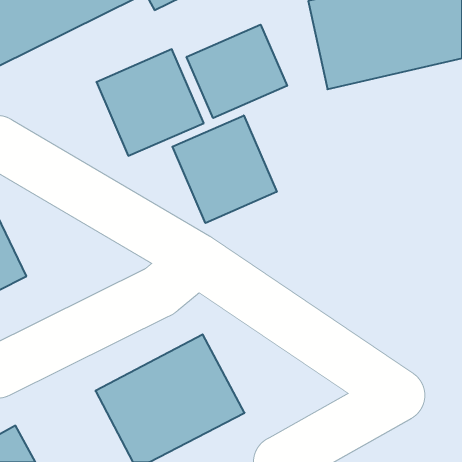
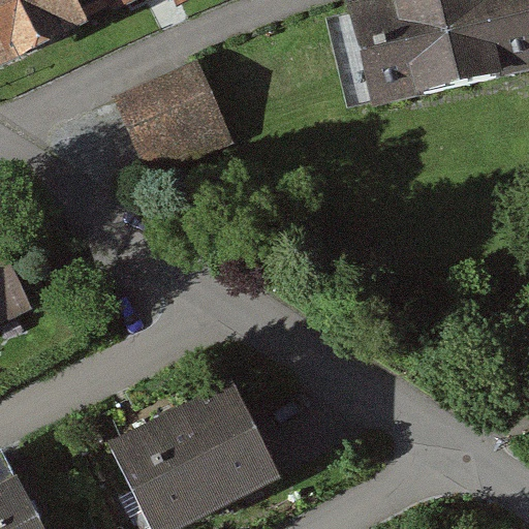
building: [187,25,287,118] -> none
building: [172,115,277,223] -> none

